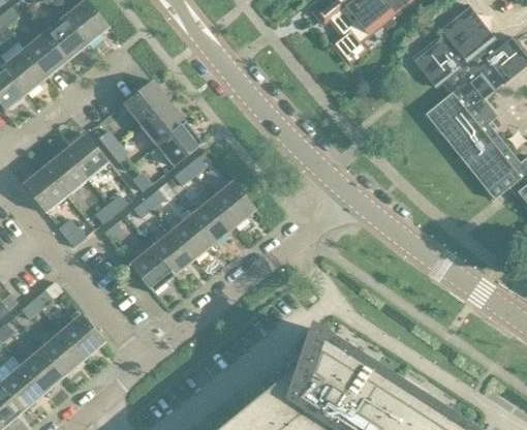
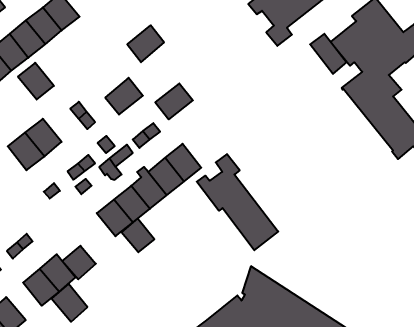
building: none -> [310,34,346,74]
building: [124,81,168,125] -> [127,25,164,62]
building: [157,123,203,166] -> [155,83,193,119]
building: [65,134,109,179] -> [18,63,54,100]
building: none -> [197,154,278,250]
building: none -> [121,218,154,252]
building: none -> [62,246,96,279]
building: [21,348,64,394] -> [51,284,87,322]

